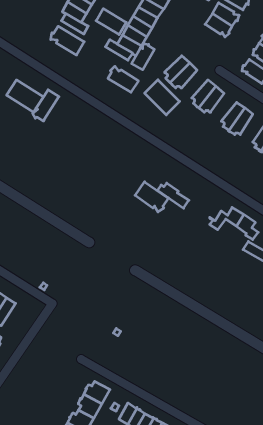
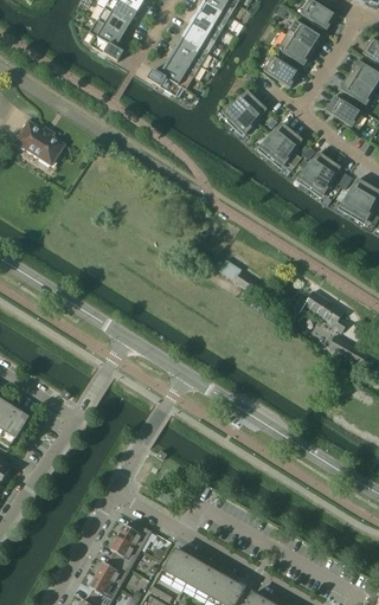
building: [96,9,126,35] -> none
building: [51,26,84,55] -> none
building: none -> [263,54,300,85]
building: [132,43,154,70] -> none
building: [108,66,138,92] -> none
building: [145,80,180,115] -> none
building: [33,90,59,121] -> none
building: [135,182,168,212] -> none

